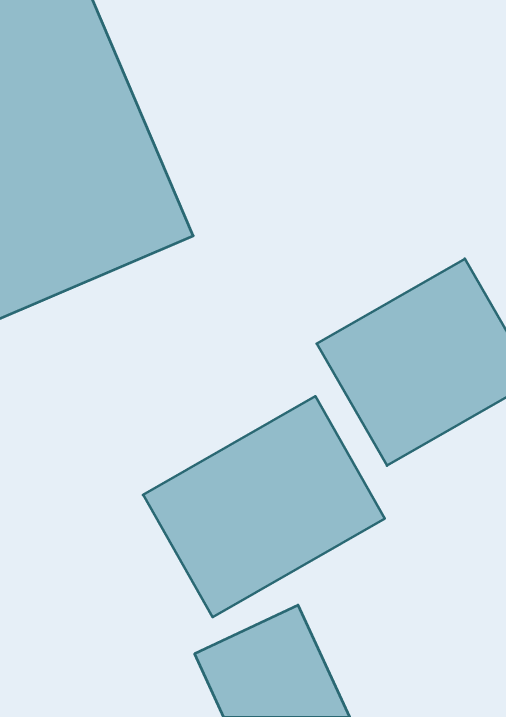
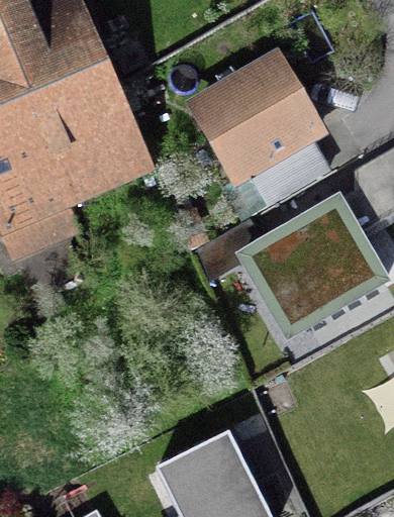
building: none -> [195,64,315,180]
building: [143,396,385,617] -> none

